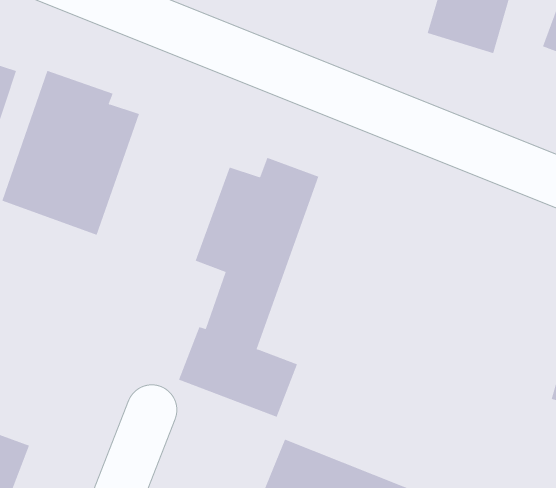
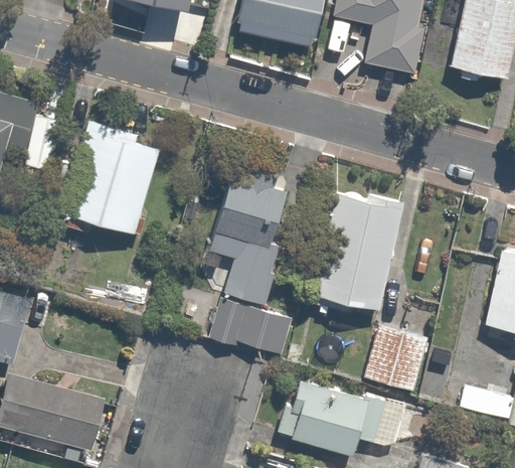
building: none -> [315,187,401,311]
building: none -> [360,323,431,394]

